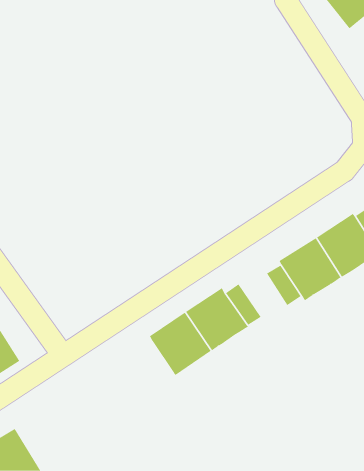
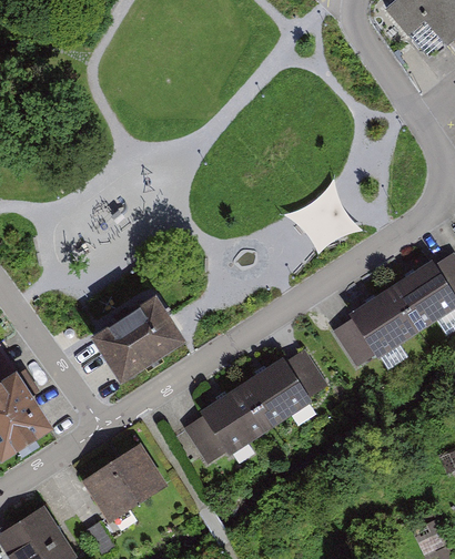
building: none -> [93,301,180,379]
building: none -> [181,409,226,459]
building: none -> [82,443,168,521]

